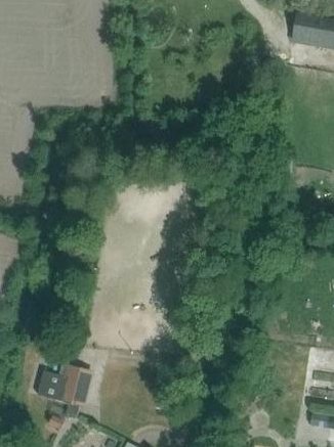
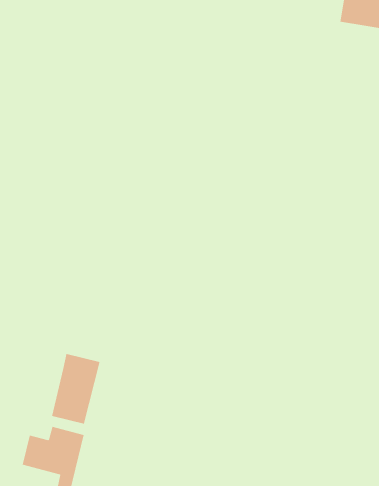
building: none -> [52,353,100,425]

